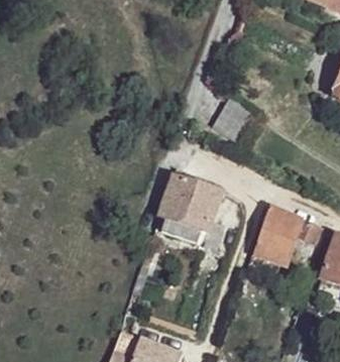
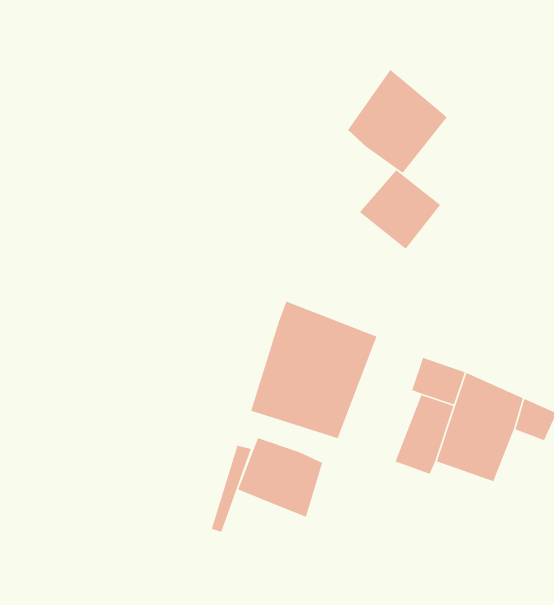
building: none -> [347,69,448,174]
building: none -> [237,437,323,518]

